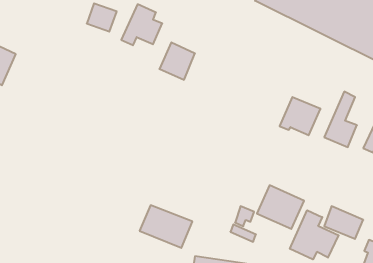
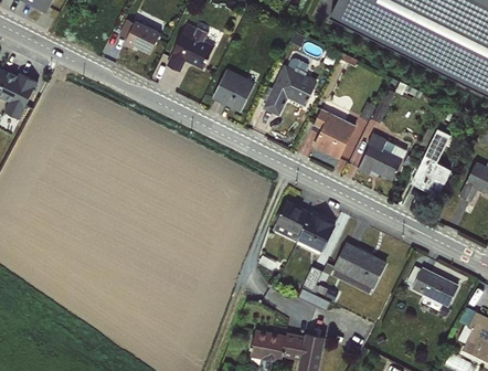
building: none -> [263,56,317,116]
building: none -> [312,108,359,160]
building: [140,205,192,248] -> [272,201,336,253]
building: [290,210,339,259] -> none

